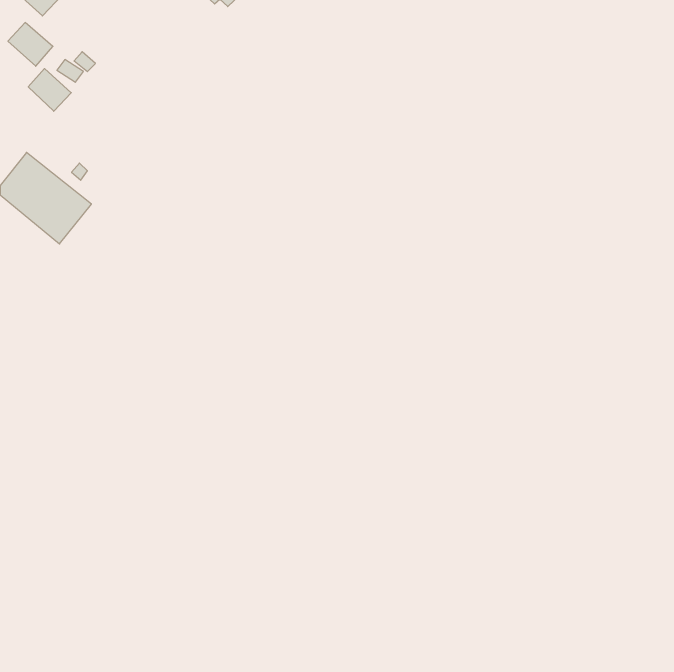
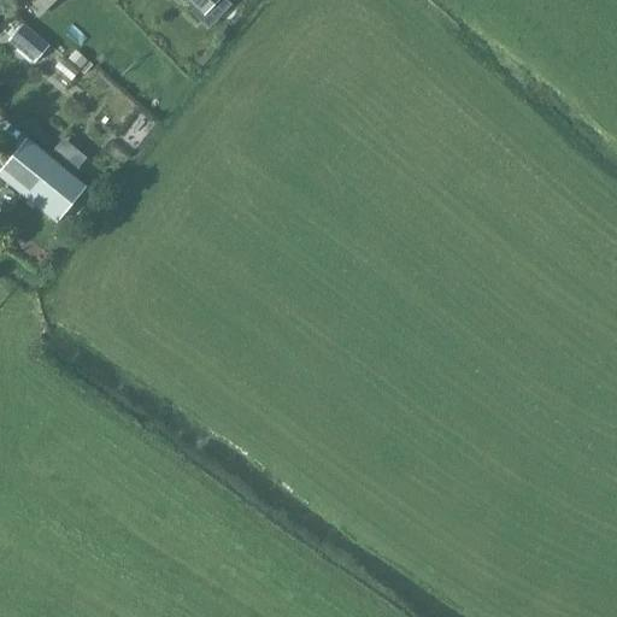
building: [28,69,71,111] -> none

